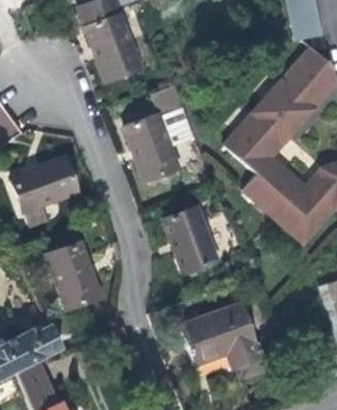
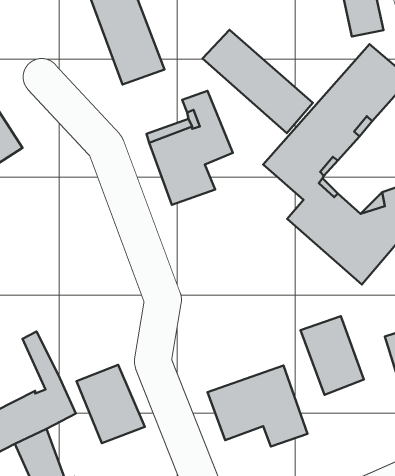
building: none -> [203,30,313,133]
building: [12,157,79,211] -> none
building: [170,209,222,273] -> [300,316,364,395]
building: [49,243,105,307] -> [76,365,145,443]

